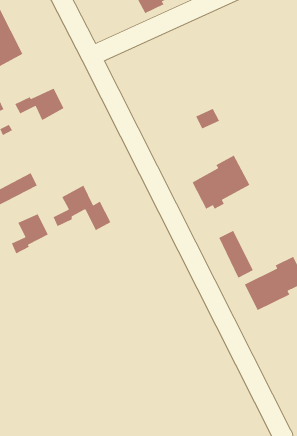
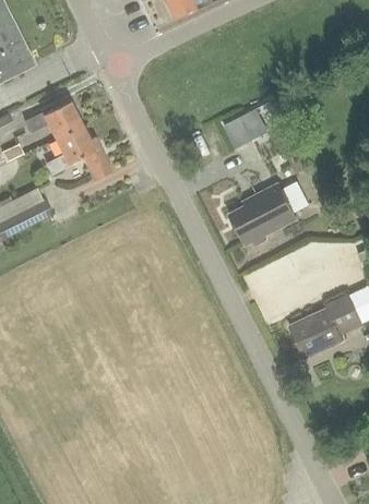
building: [53,184,112,231] -> [46,127,114,180]
building: [11,213,49,255] -> none
building: [218,230,254,278] -> none

